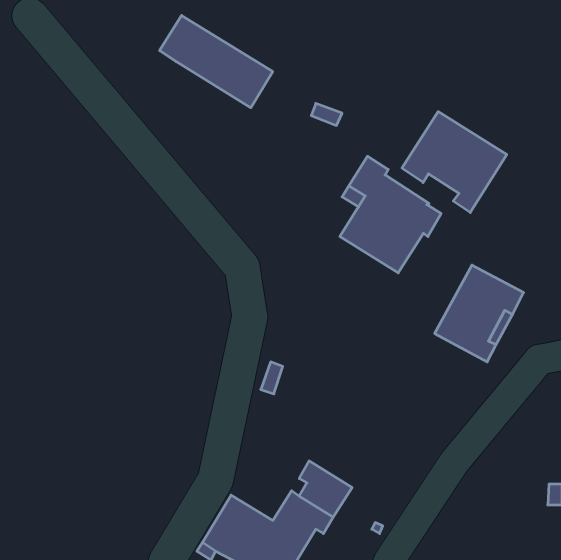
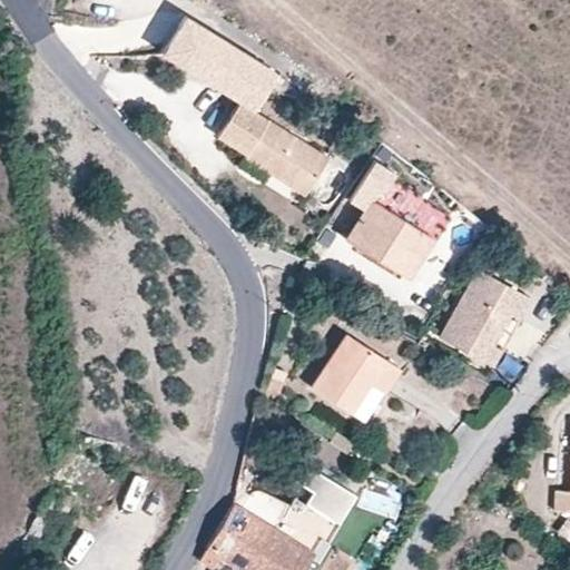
building: none -> [218,102,330,196]
building: [402,112,507,213] -> none
building: none -> [312,334,401,423]

